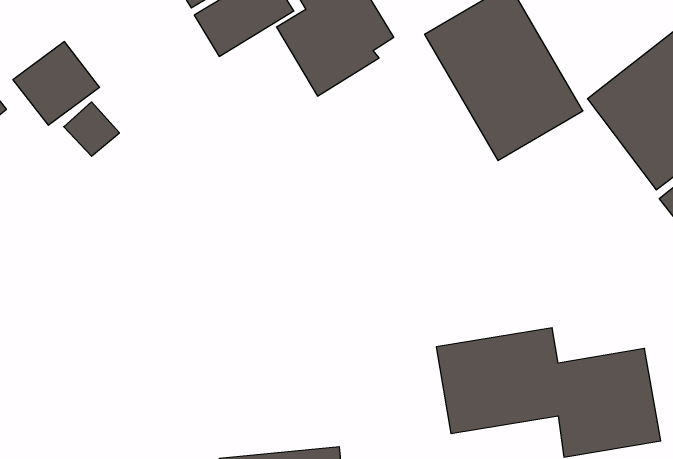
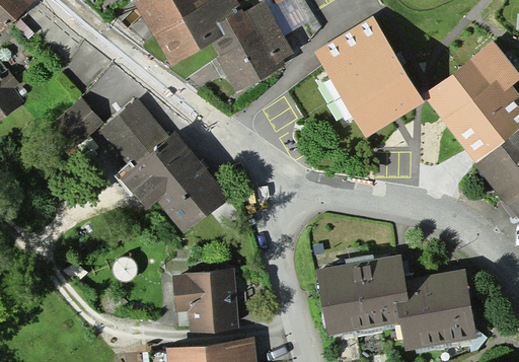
building: [13,42,100,125] -> [102,99,162,157]
building: none -> [124,130,224,223]
building: none -> [175,269,236,325]

